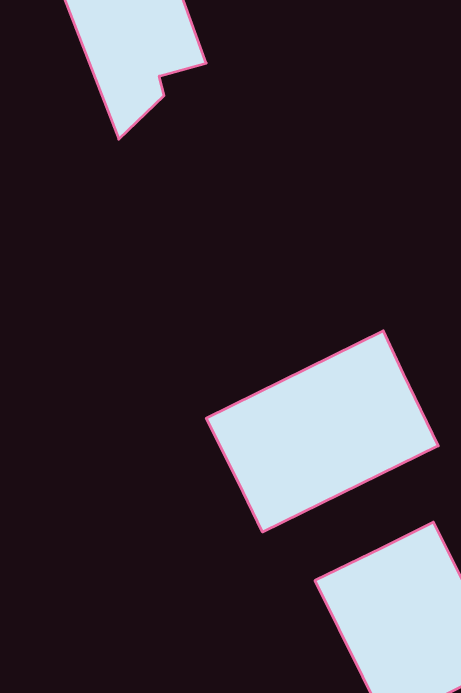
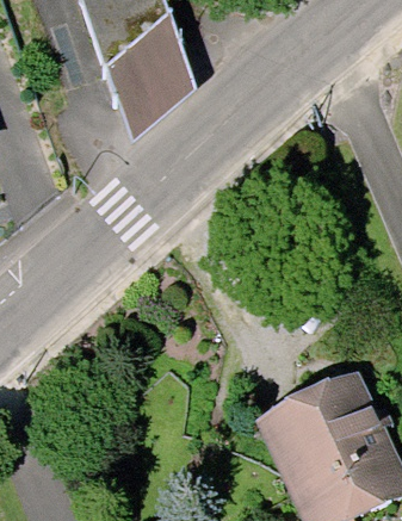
building: [206,331,438,532] -> none

